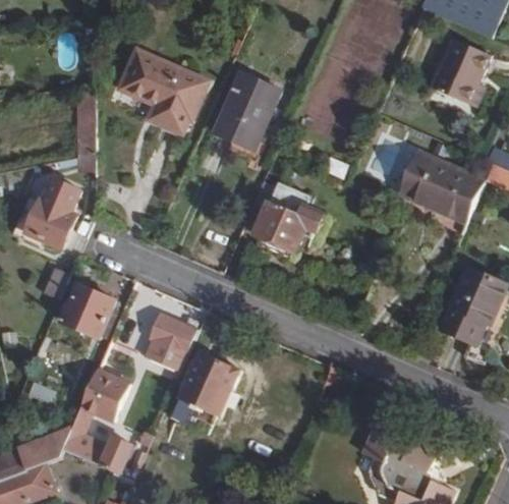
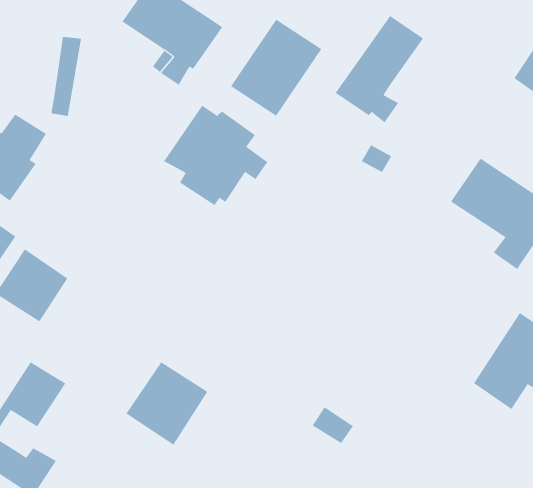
building: none -> [335,15,424,123]
building: [242,178,324,255] -> [163,105,268,206]
building: [145,312,197,371] -> none

